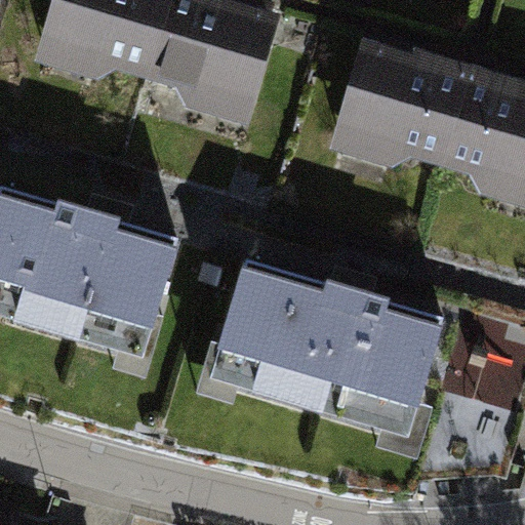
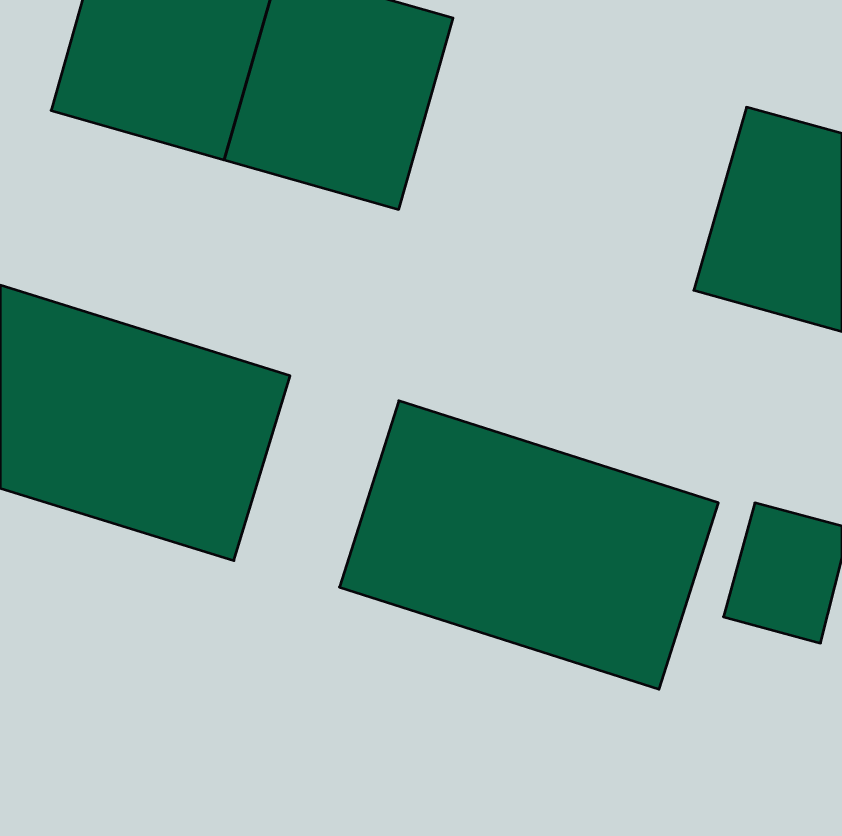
building: [326,36,465,180] -> none

